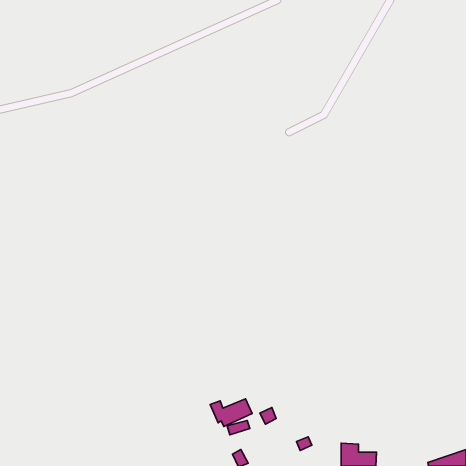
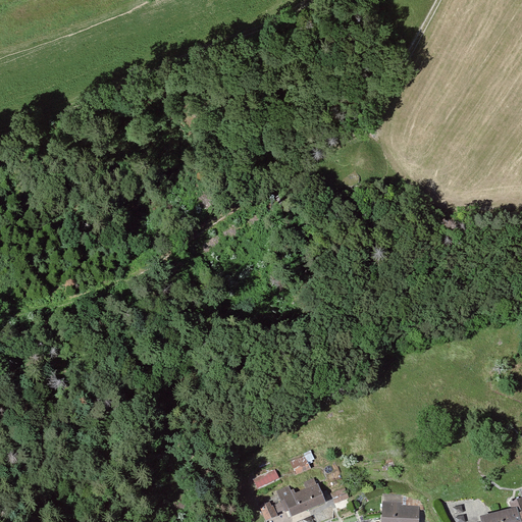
building: [210,399,252,426] -> [277,485,324,516]

